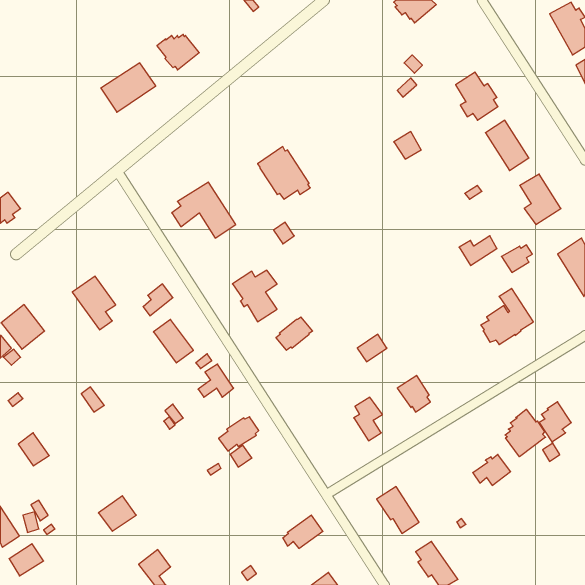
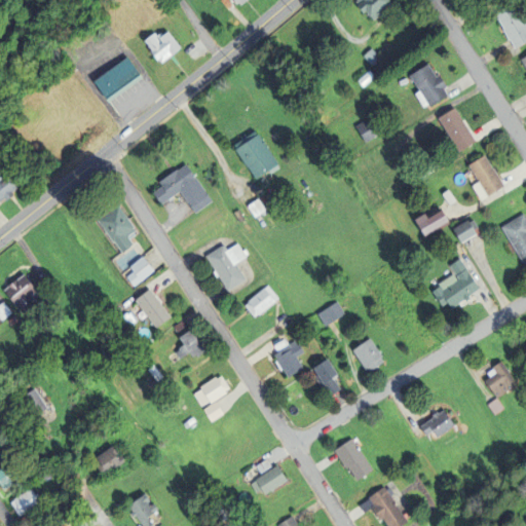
building: [72,276,116,330] -> [101,202,140,251]
building: none -> [276,339,306,376]
building: [505,409,546,457] -> none

